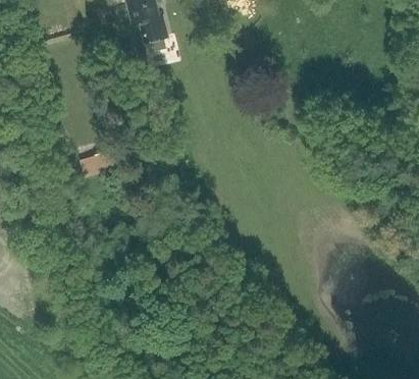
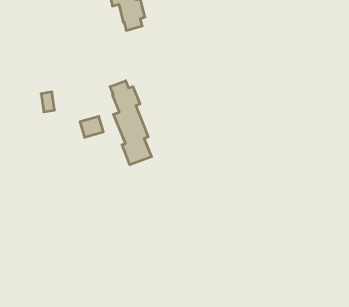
building: none -> [110,81,152,165]

